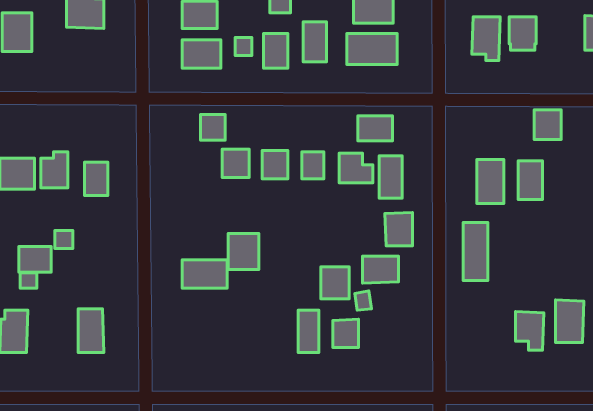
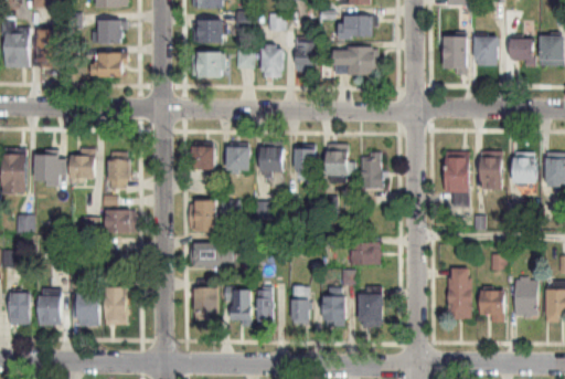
building: none -> [508,35,533,63]
building: none -> [95,54,122,78]
building: [534,110,561,139] -> [513,159,536,185]
building: [201,114,225,140] -> [192,148,213,170]
building: [358,116,393,141] -> none
building: [385,213,412,246] -> none
building: [463,223,488,280] -> [449,270,470,319]
building: [228,233,259,269] -> [189,201,215,232]
building: [19,246,51,272] -> [105,211,132,233]
building: [321,267,349,299] -> [356,292,381,319]
building: none -> [193,288,216,315]
building: none -> [256,289,273,326]
building: none -> [232,291,249,323]
building: none -> [76,295,100,319]

